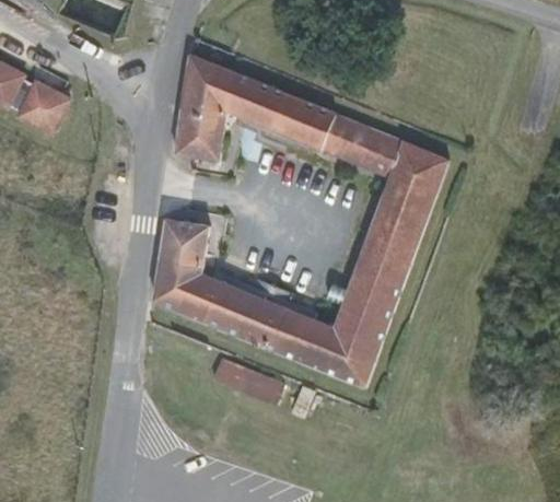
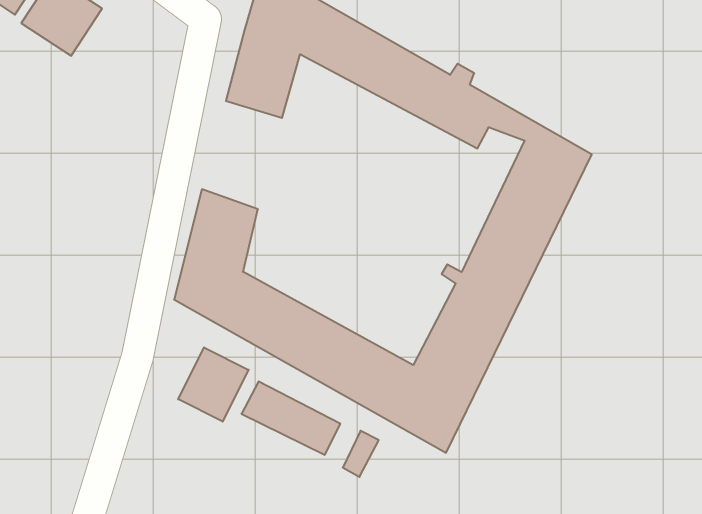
building: none -> [178,347,249,422]

